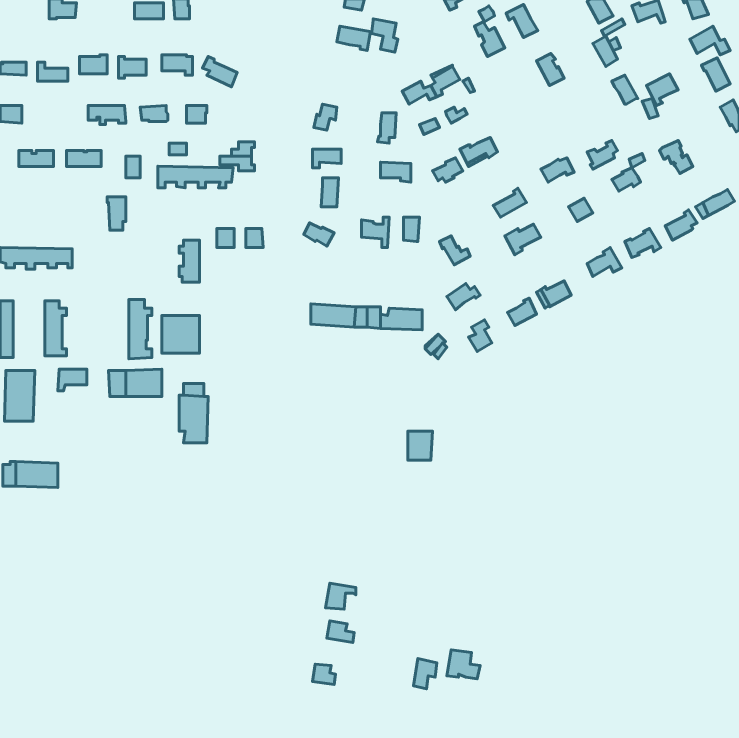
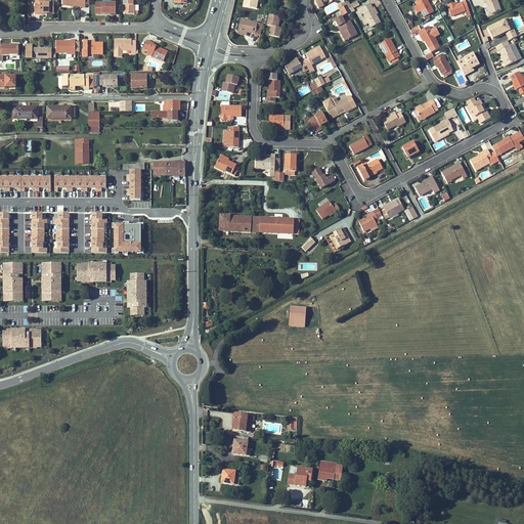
building: [158,166,233,188] -> [53,175,106,190]
building: none -> [53,213,70,253]
building: none -> [41,272,61,300]

